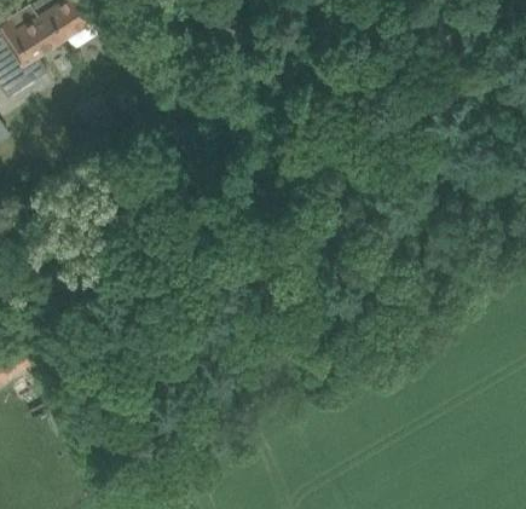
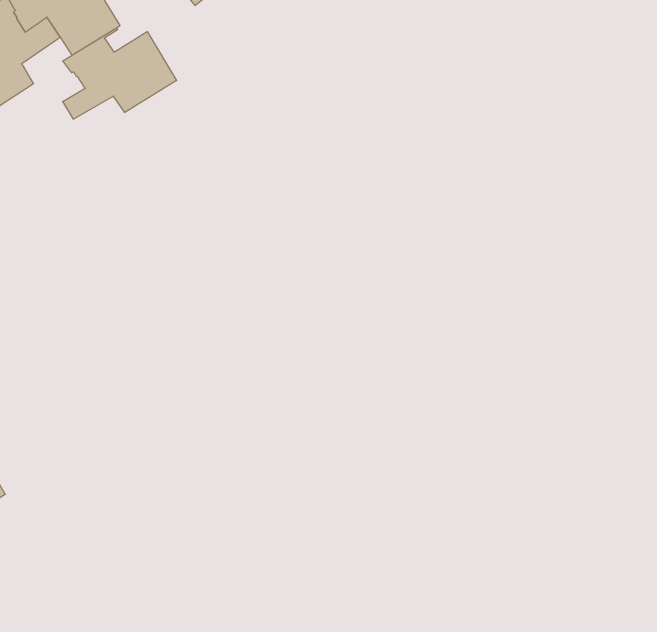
building: none -> [63,28,177,119]

